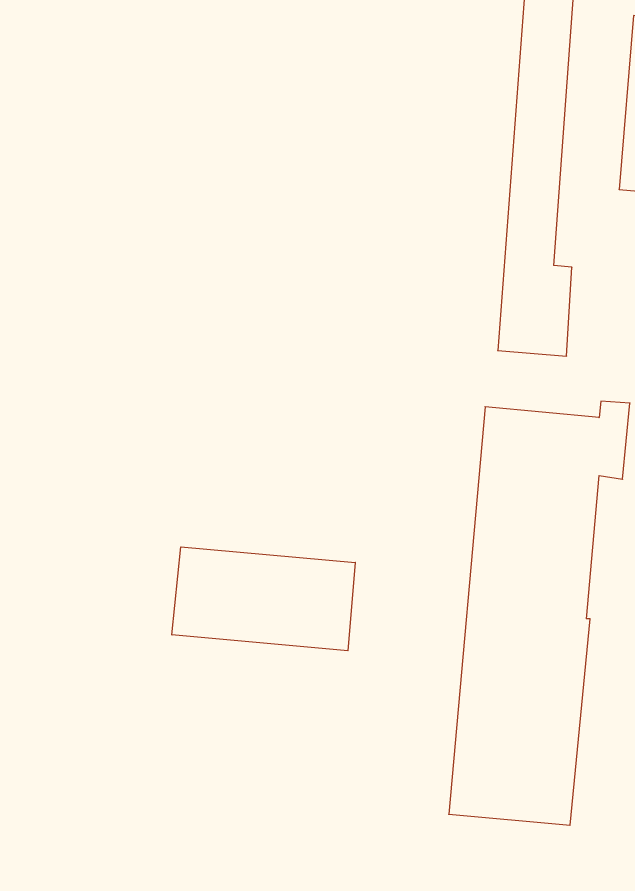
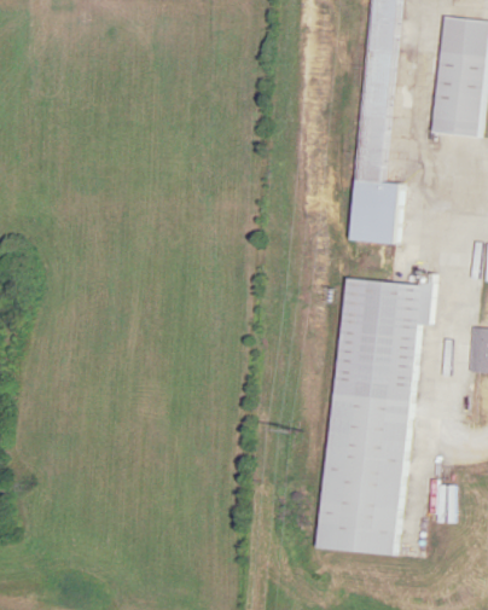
building: [172,547,355,651] -> none

